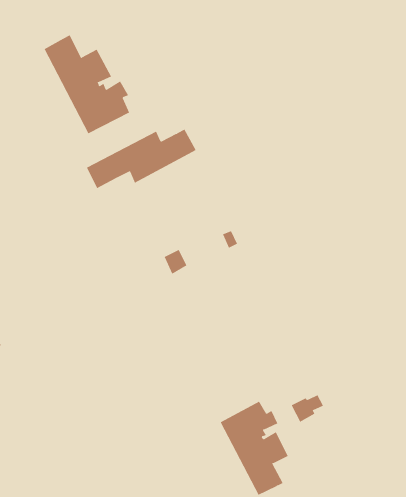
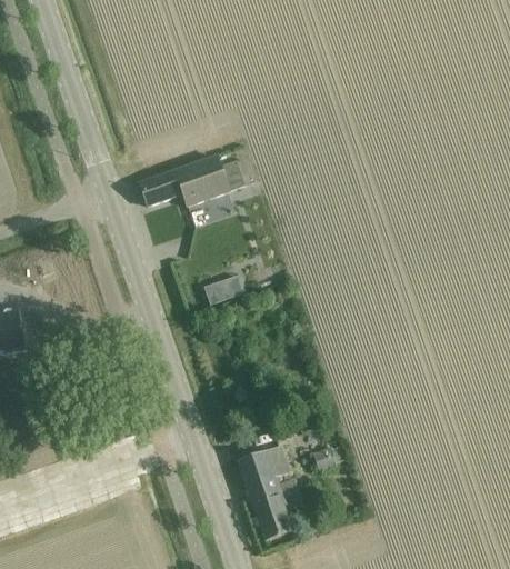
building: [44,35,130,134] -> none

